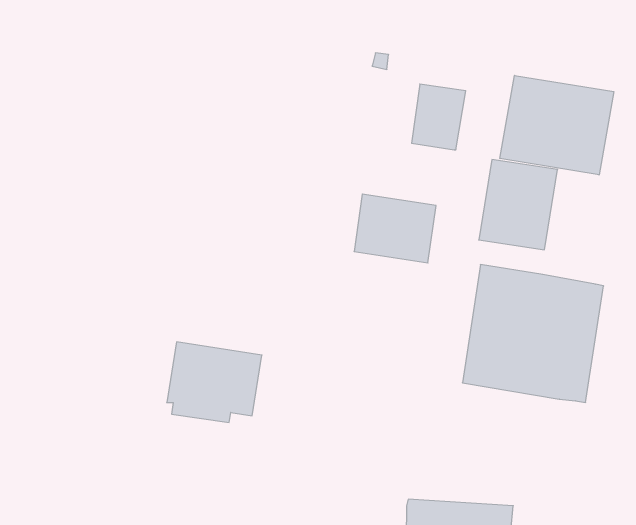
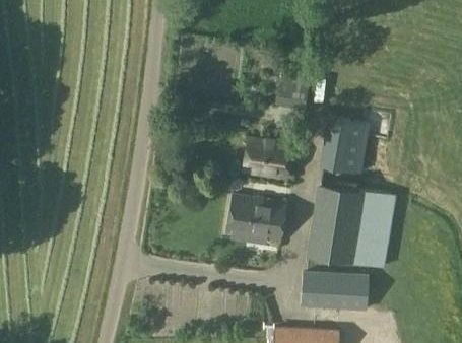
building: [500,75,614,175] -> none
building: [167,342,262,422] -> [227,195,286,245]
building: none -> [301,273,370,315]

